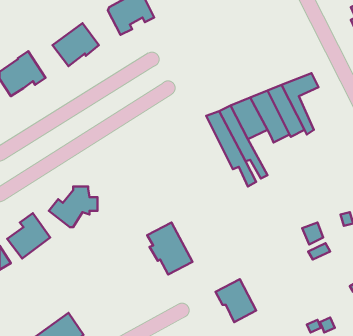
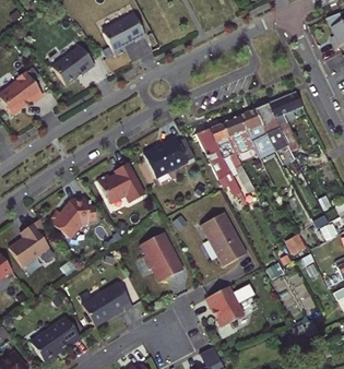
building: none -> [142,138,186,177]
building: none -> [96,163,144,203]
building: none -> [200,212,246,265]
building: none -> [82,282,133,326]

